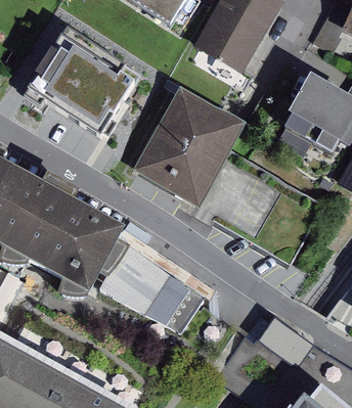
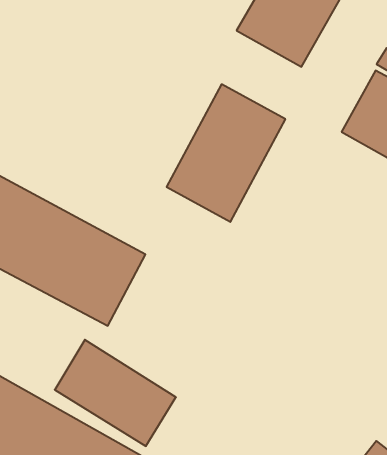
building: [27,39,132,134] -> none
building: [104,241,204,328] -> [55,340,176,446]

